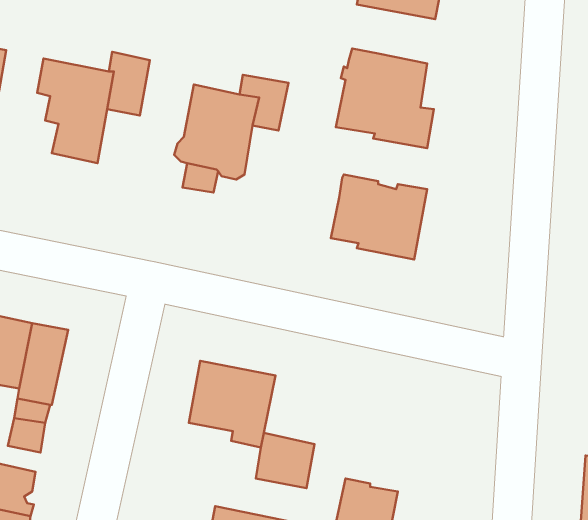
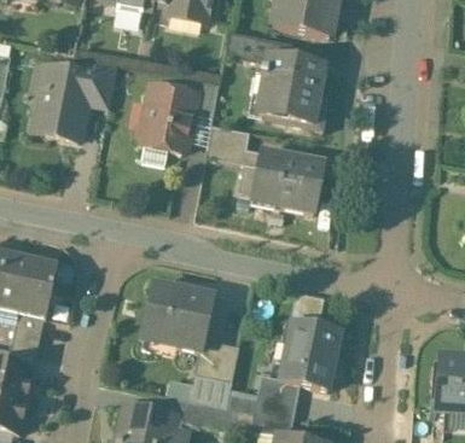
building: none -> [225,33,290,65]
building: none -> [205,126,260,167]
building: none -> [280,322,339,390]

